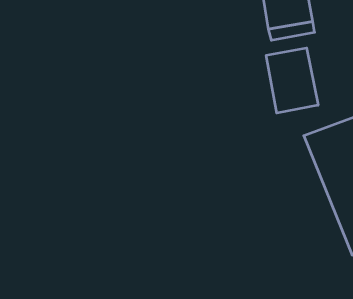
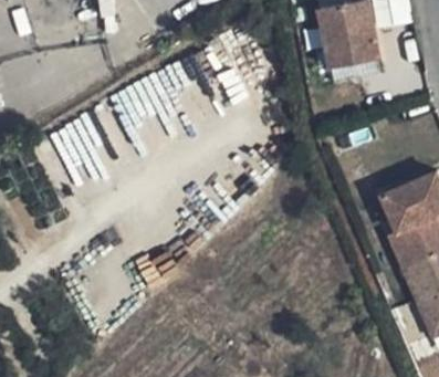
building: [266,48,318,113] -> none

